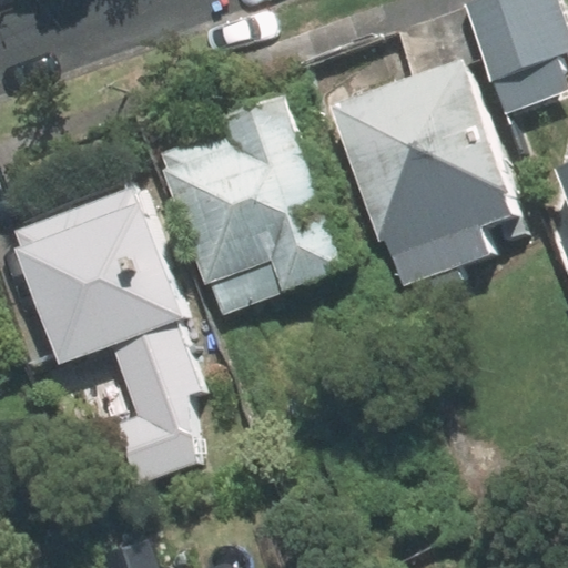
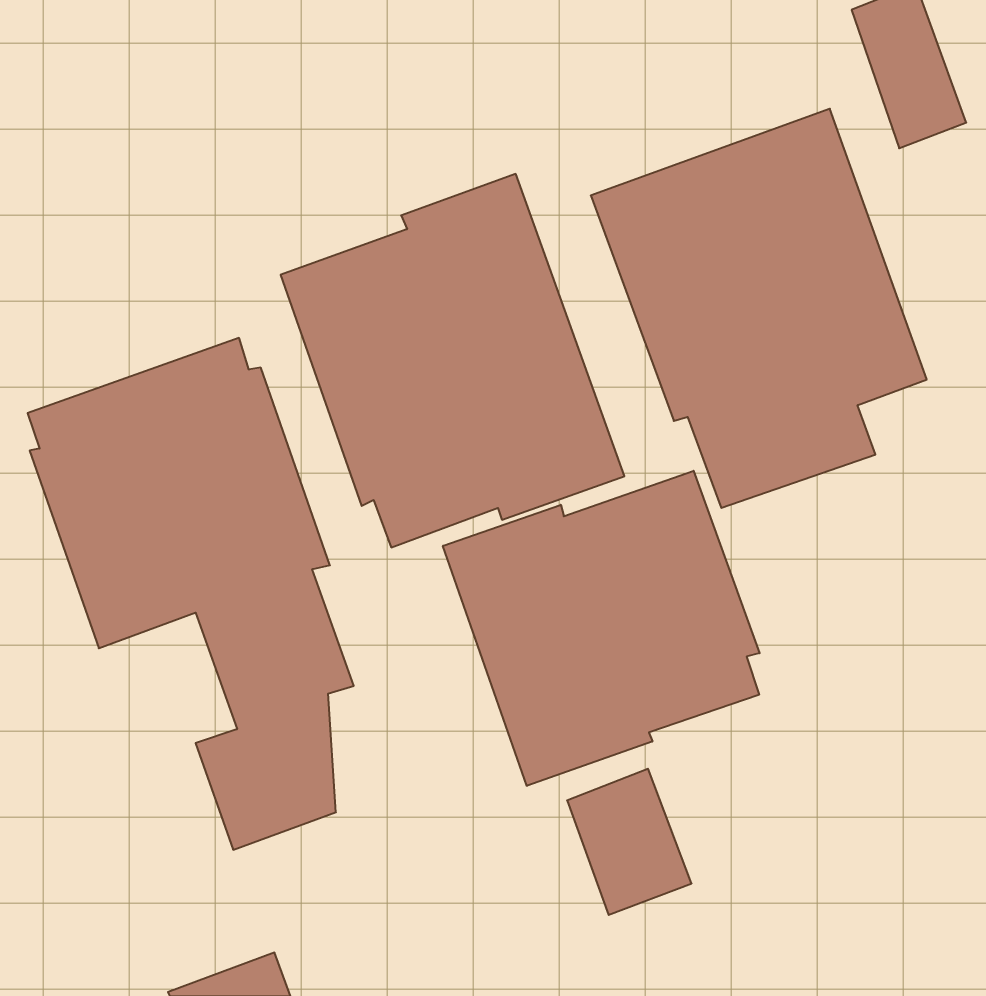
building: none -> [443,471,760,786]

